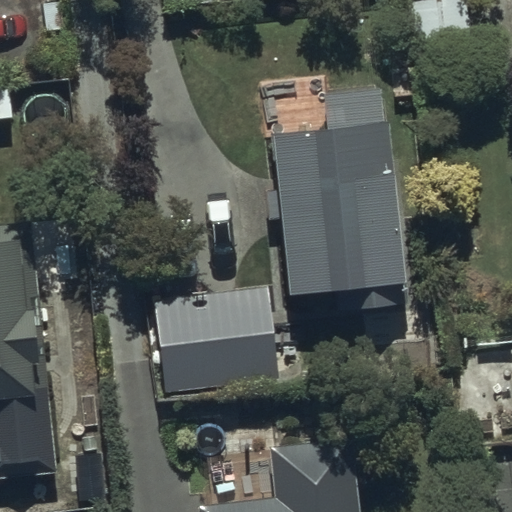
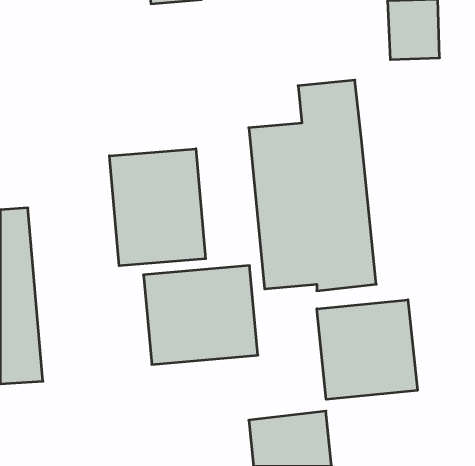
building: none -> [109,149,206,266]
building: none -> [317,300,417,399]

